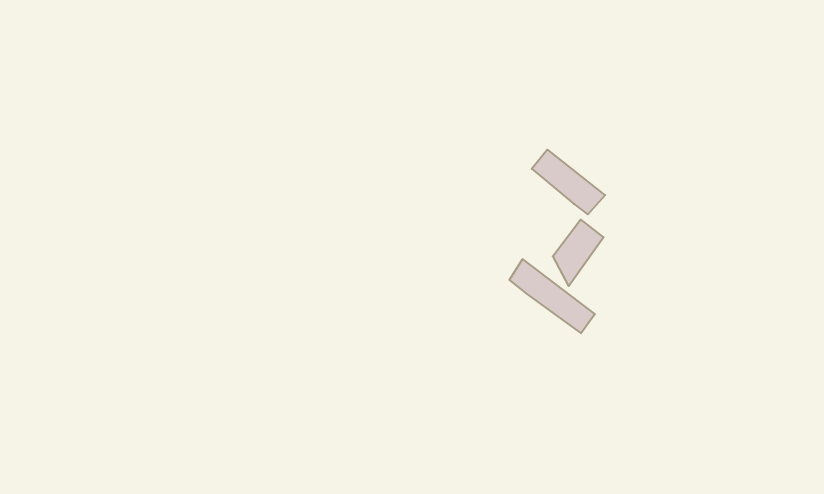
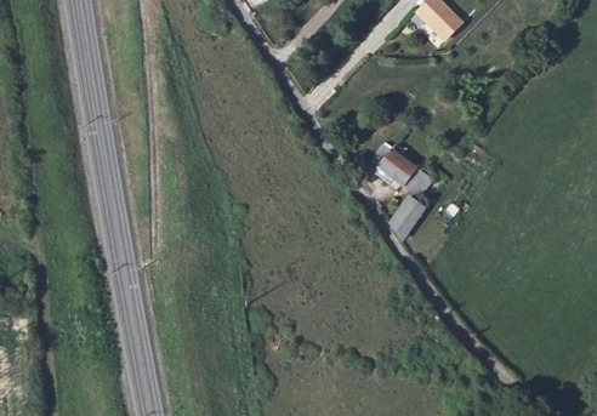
building: [509,259,595,333] -> none

